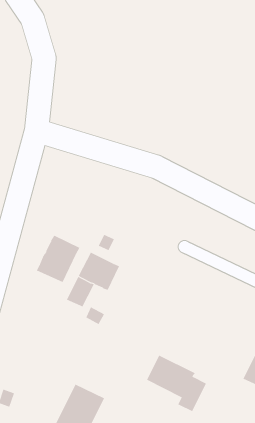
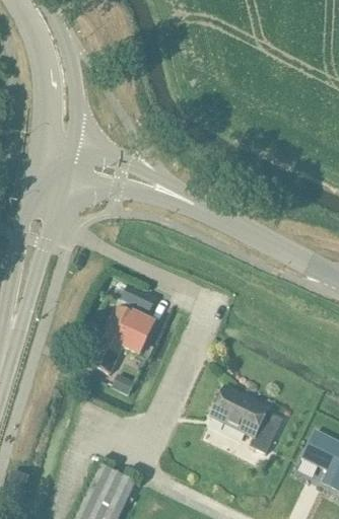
building: [36,235,80,283] -> none
building: [146,355,207,412] -> [209,383,282,452]

